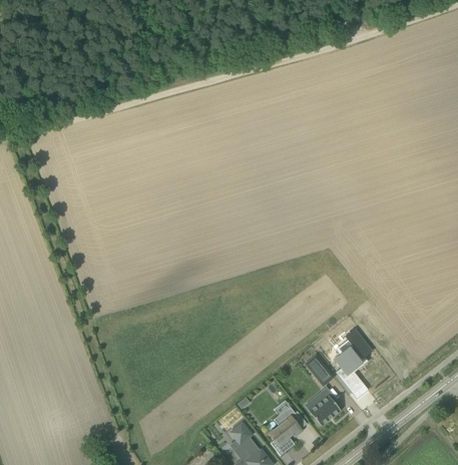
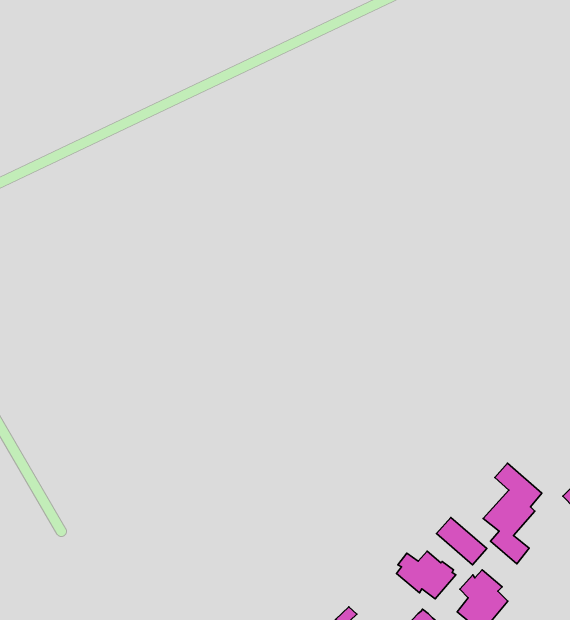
building: none -> [396,551,456,599]

